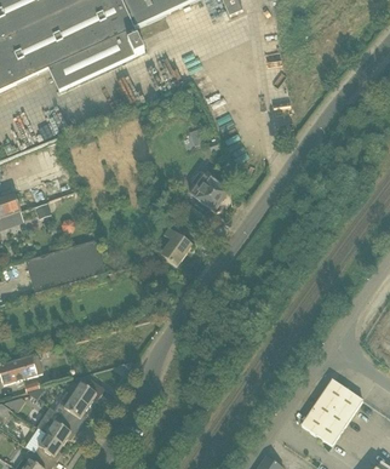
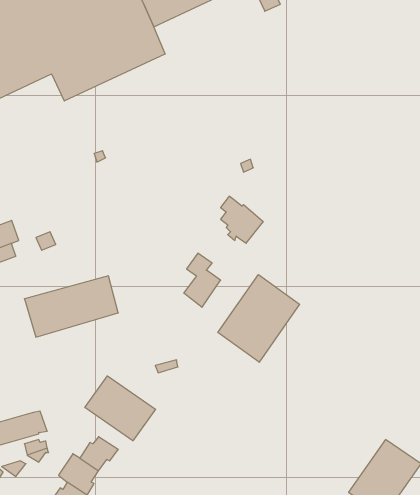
building: none -> [218,275,300,362]
building: none -> [85,376,156,441]

